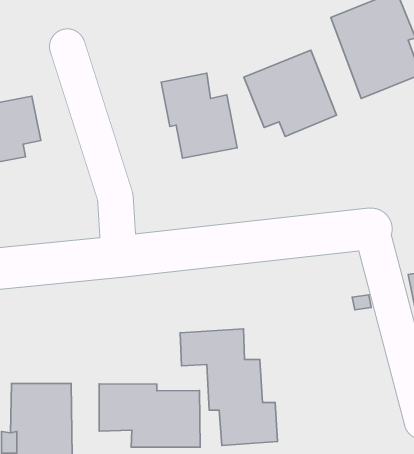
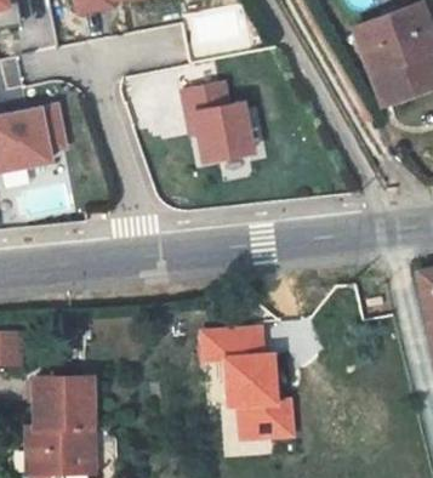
building: [244,50,337,136] -> none
building: [99,384,200,447] -> none

